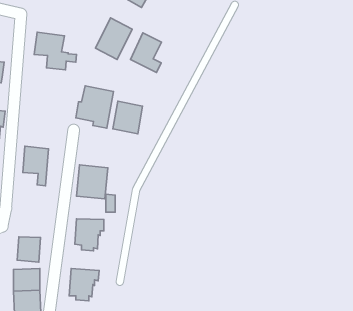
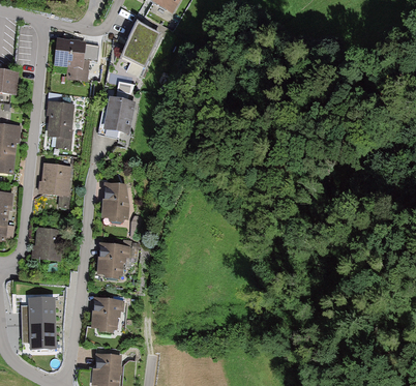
building: [130,33,162,73] -> none
building: none -> [46,101,75,147]
building: [113,101,143,134] -> none
building: [17,237,41,262] -> [33,229,59,257]

